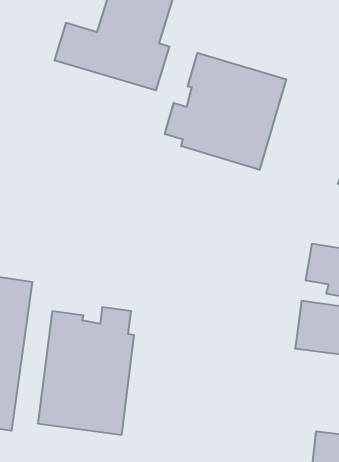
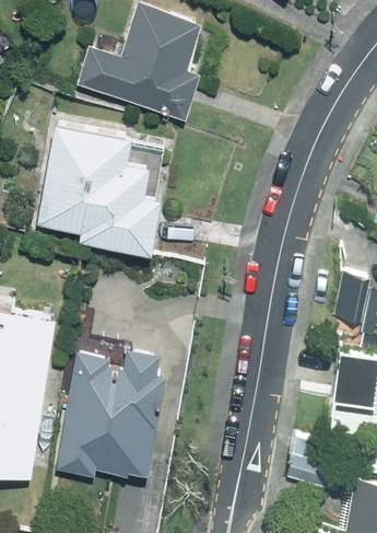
building: [165,53,286,170] -> none
building: none -> [38,125,156,255]

